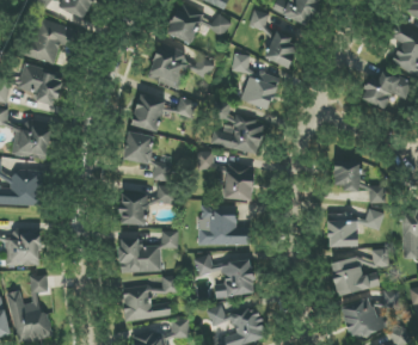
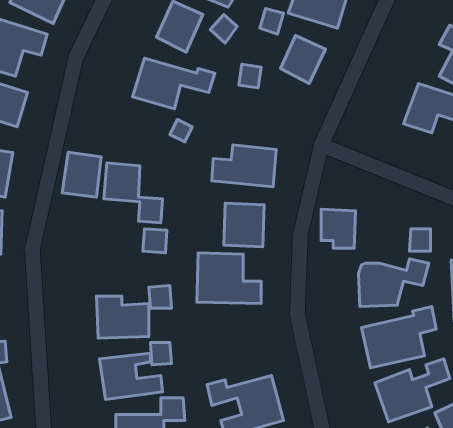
building: [239,68,281,111] -> none
building: [133,94,164,130] -> [62,152,101,197]
building: [333,160,361,191] -> [321,209,356,248]
building: [118,192,148,226] -> none
building: [193,255,254,298] -> none

